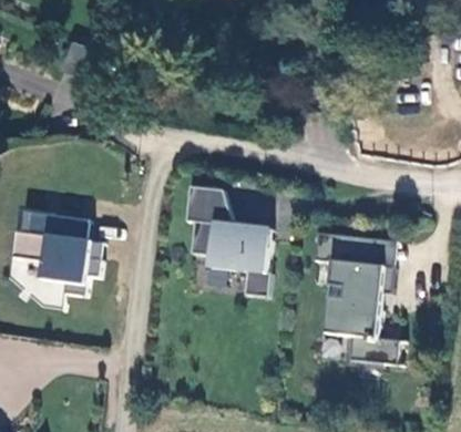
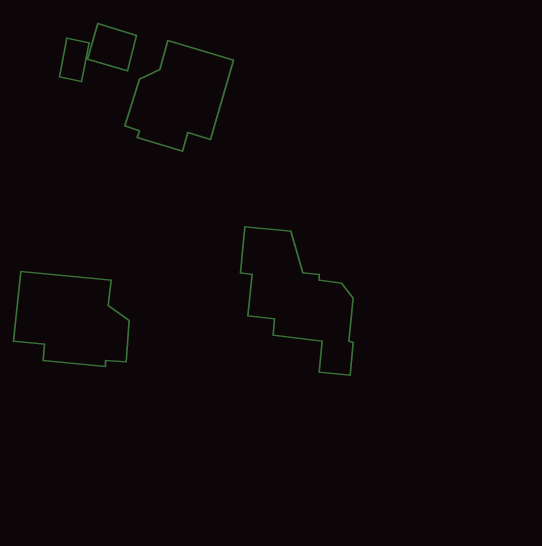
building: none -> [125,41,234,151]
building: [316,230,397,362] -> none

